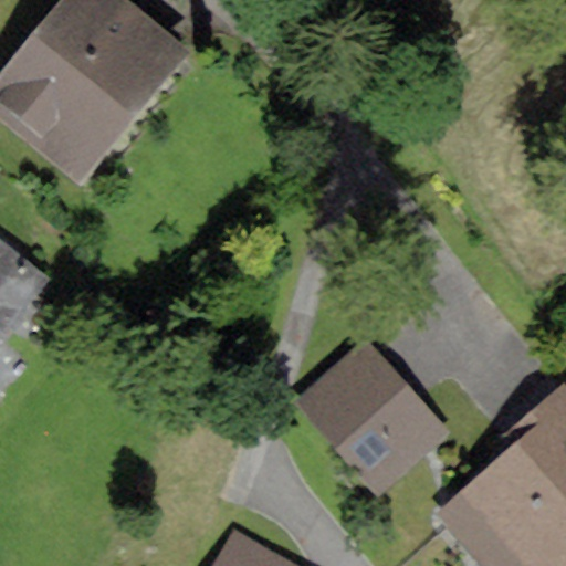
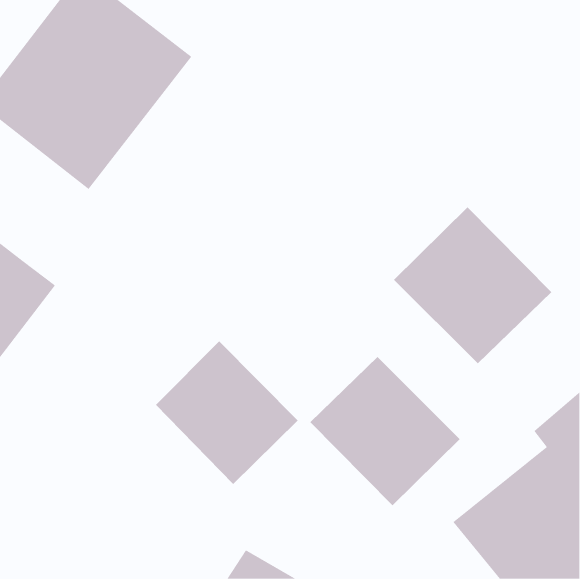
building: none -> [393,206,552,364]
building: none -> [155,340,298,485]

